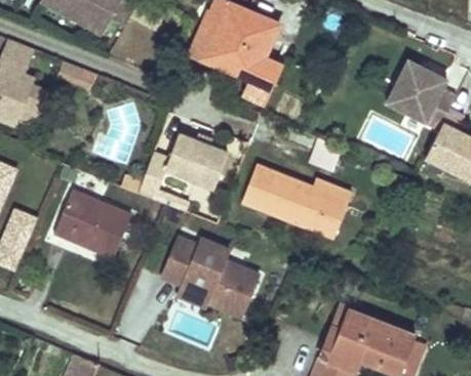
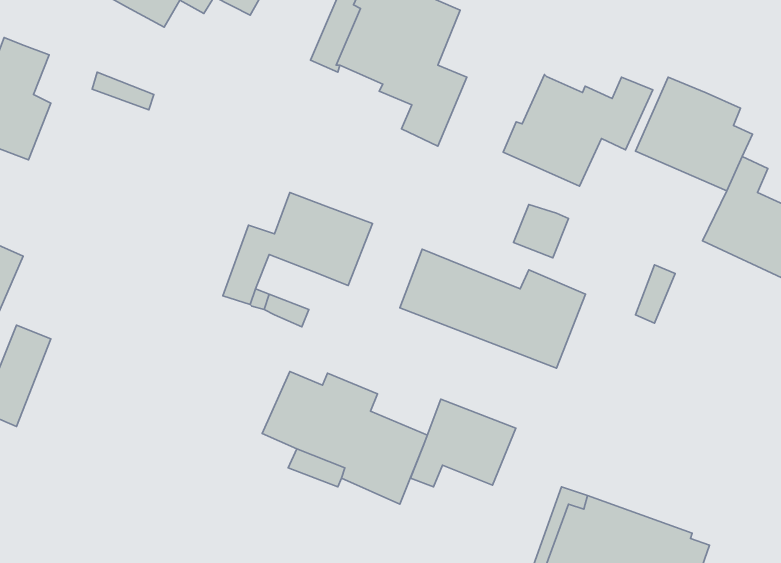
building: none -> [503,74,653,186]
building: [53,190,131,256] -> none
building: none -> [410,399,516,487]

